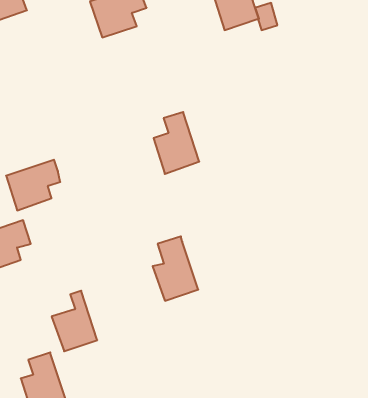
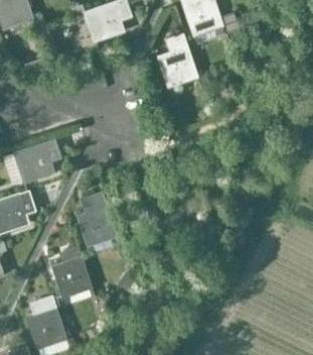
building: [154,112,199,174] -> [160,35,197,86]
building: [153,236,198,301] -> [79,193,116,245]

